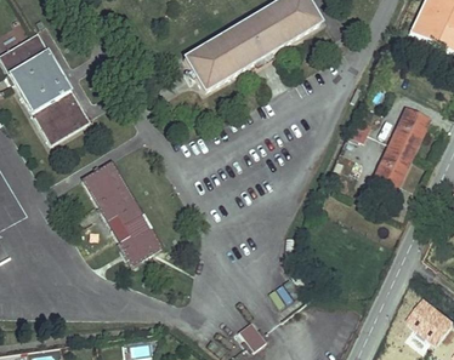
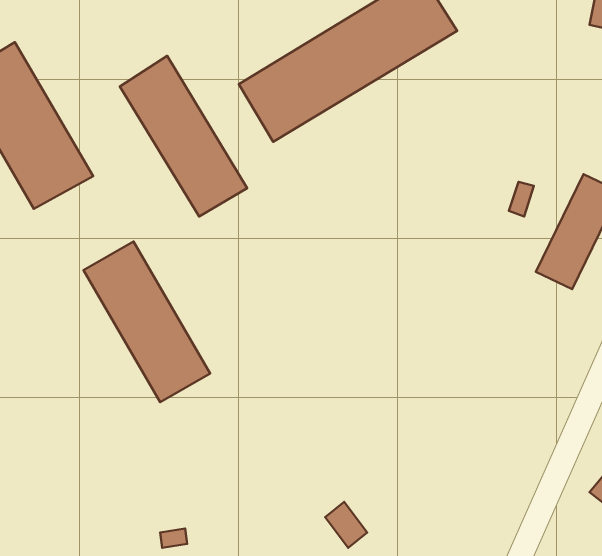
building: none -> [120,56,247,217]

